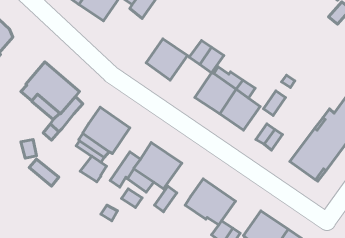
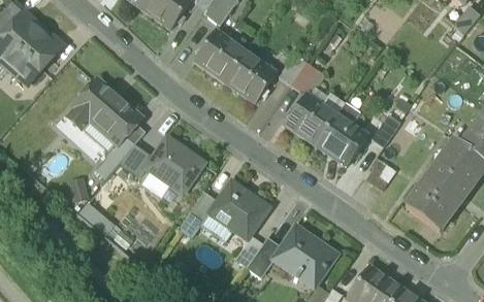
building: none -> [194,29,246,80]
building: [80,156,107,182] -> [120,144,153,176]
building: none -> [248,238,281,275]

